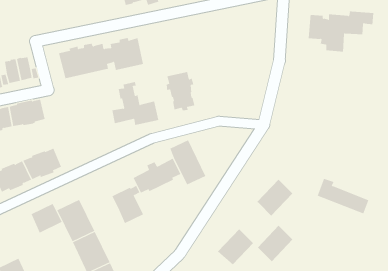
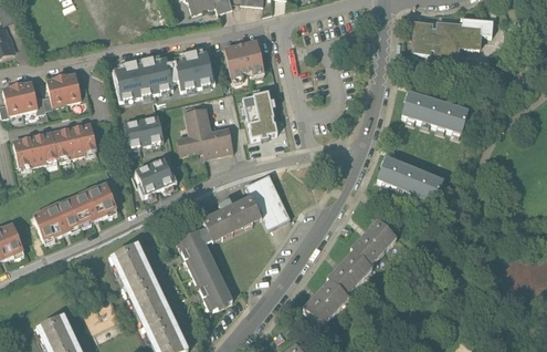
building: none -> [224,40,264,76]
building: none -> [401,92,465,132]
building: none -> [123,115,162,147]
building: none -> [135,158,177,195]
building: [317,178,369,214] -> [377,157,440,200]
building: [31,203,62,233] -> none
building: none -> [191,263,232,311]
building: [257,225,293,262] -> [327,250,370,296]

